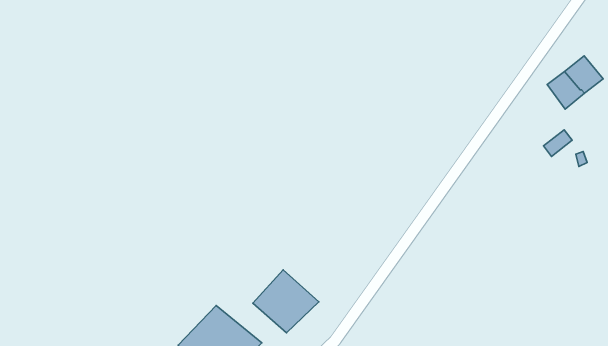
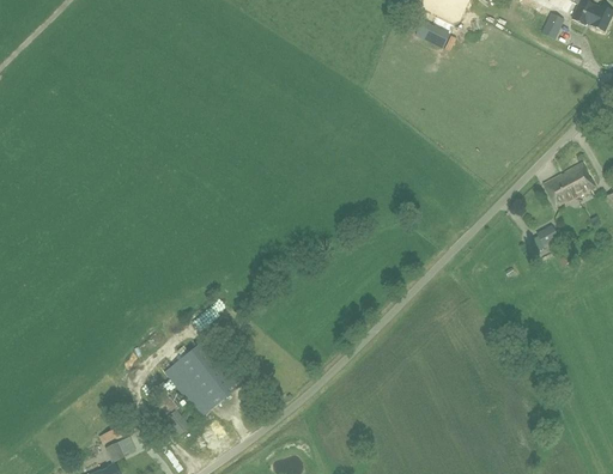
building: [253,270,319,333] -> none

